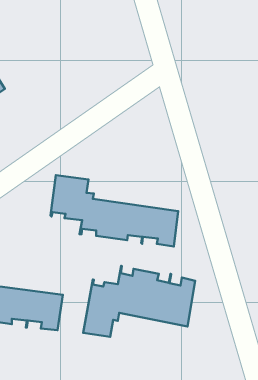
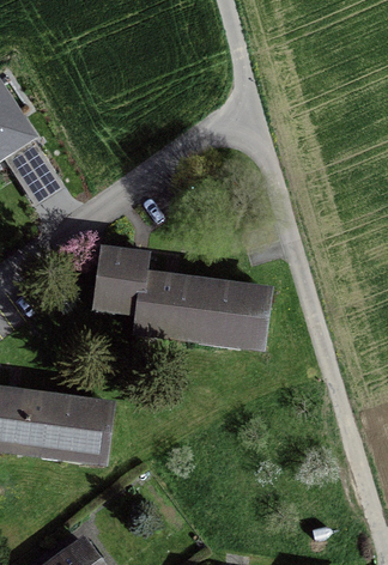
building: [83,266,195,337] -> none

